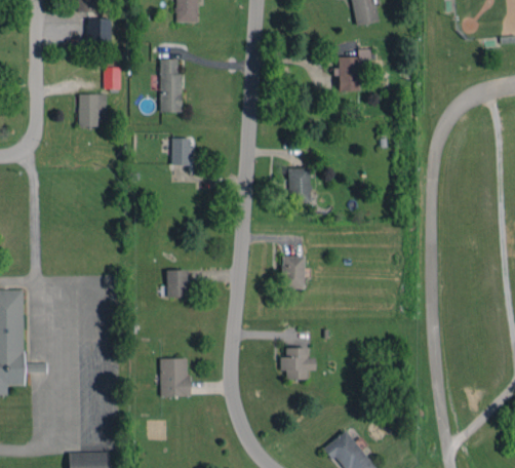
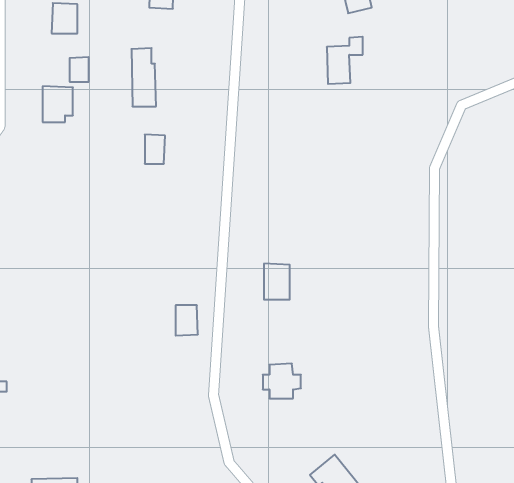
building: [288,167,311,203] -> none
building: [167,270,188,298] -> [176,305,198,336]
building: [160,358,190,397] -> none

